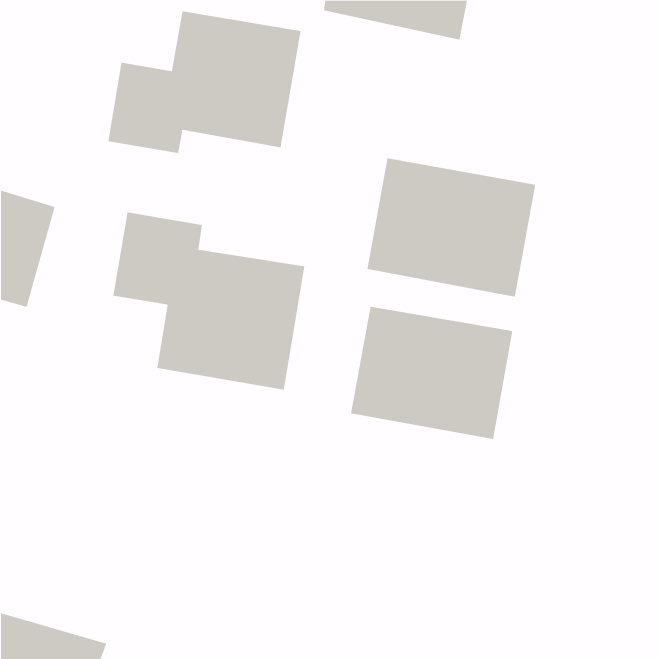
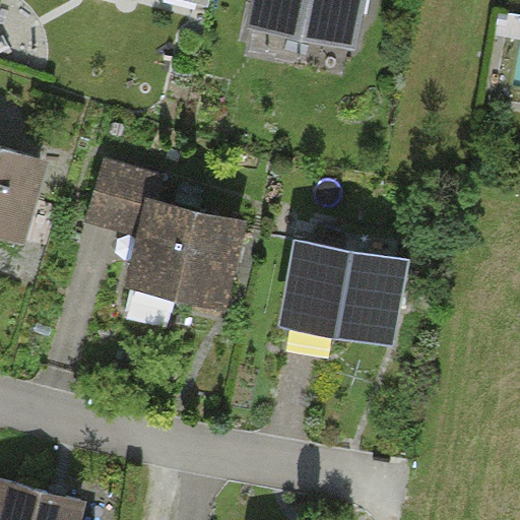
building: [108,11,301,154] -> none
building: [367,157,536,298] -> none

